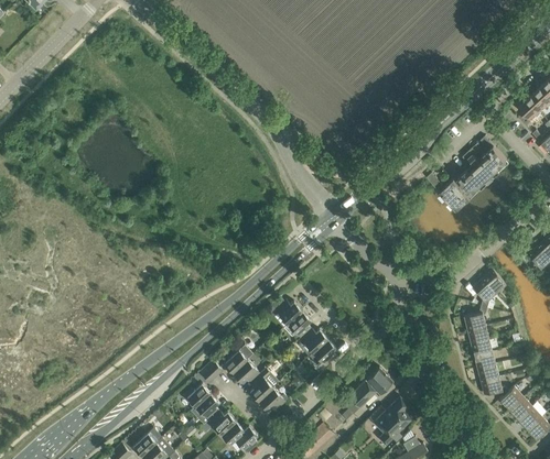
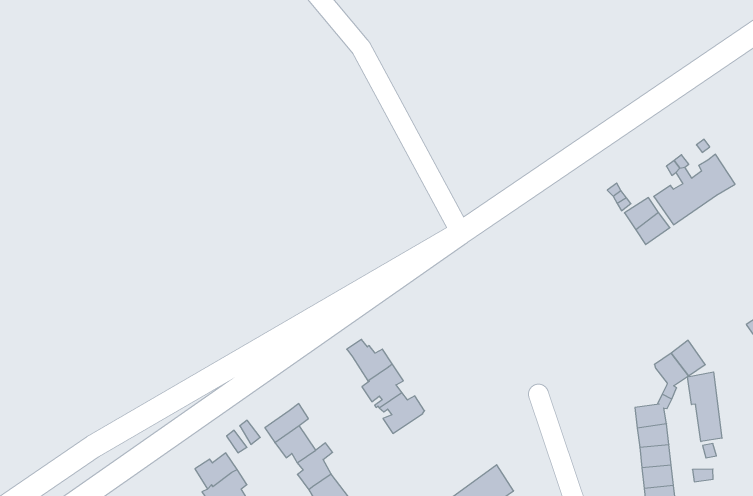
building: none -> [687,372,722,442]
building: [309,339,337,371] -> none

